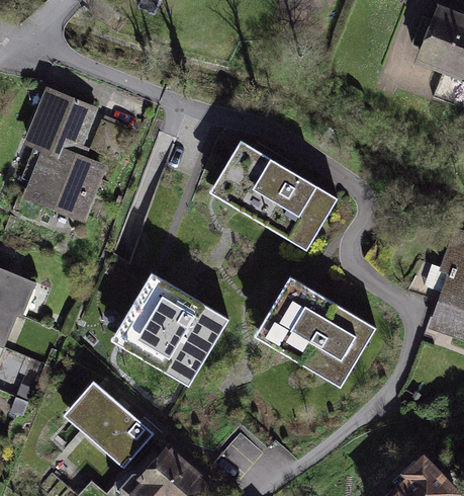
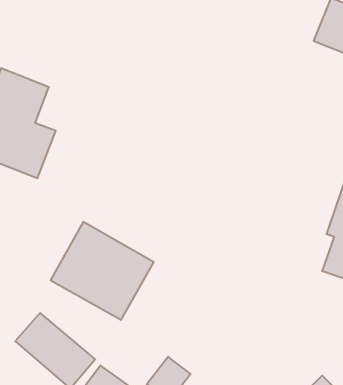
building: [213,140,341,253] -> none
building: [248,278,372,386] -> none

